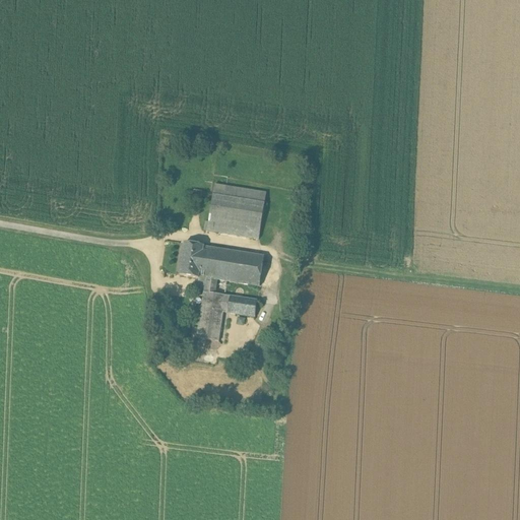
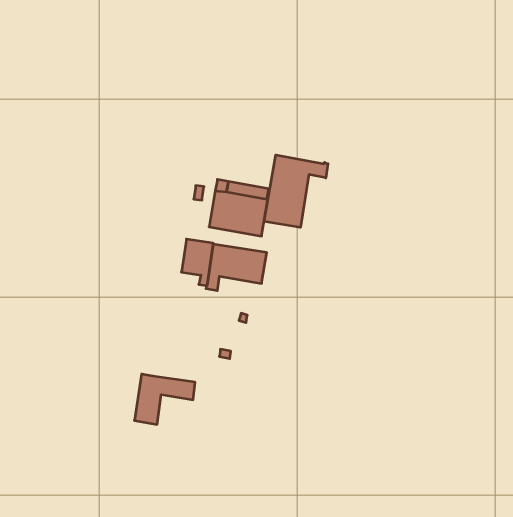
building: none -> [264,155,328,227]
building: [197,289,257,339] -> [134,374,195,424]

